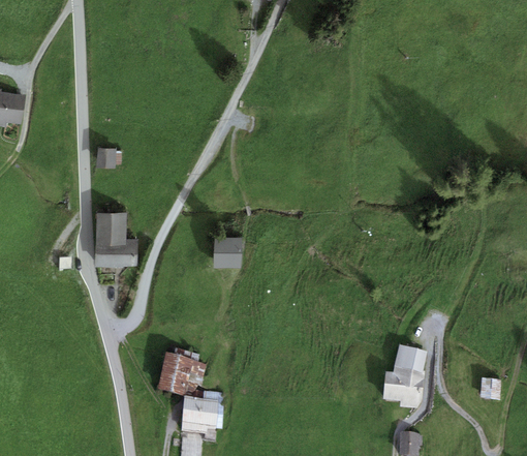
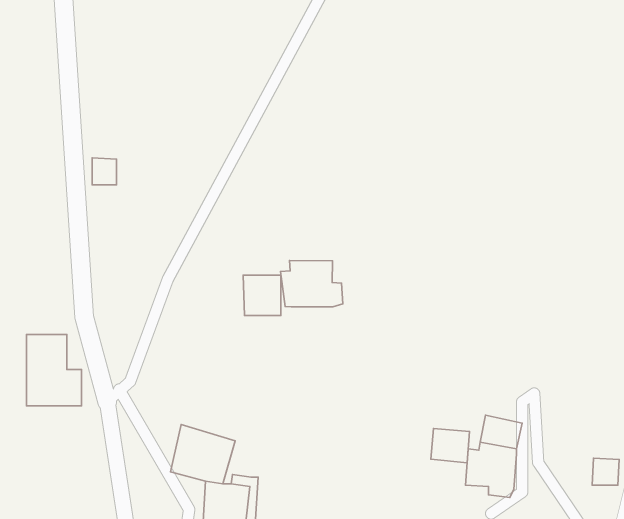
building: [95,212,137,267] -> [26,334,82,406]
building: none -> [280,261,343,307]
building: none -> [431,429,469,463]

